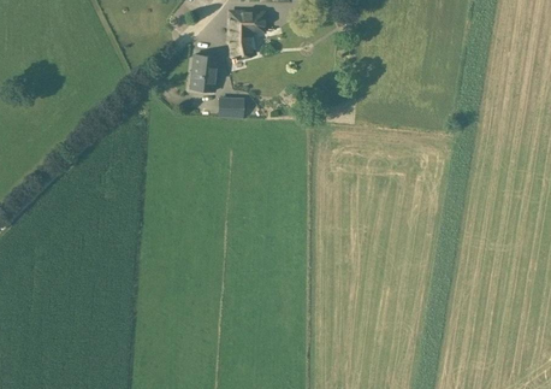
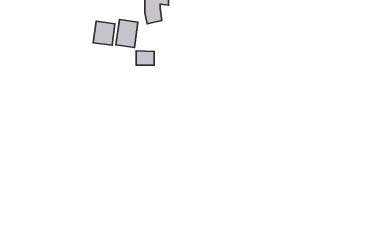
building: none -> [93,21,115,45]

